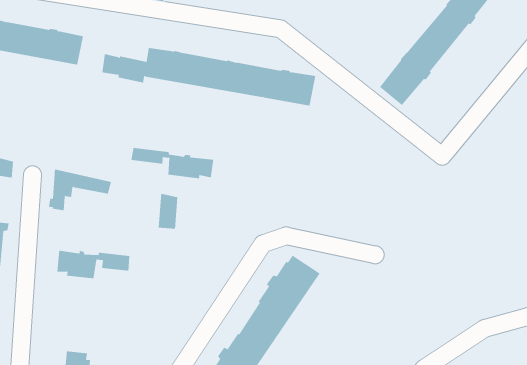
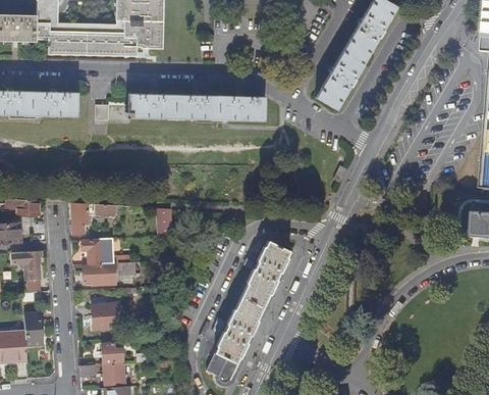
building: [131,147,214,179] -> none
building: none -> [83,237,114,263]
building: none -> [92,299,119,329]

